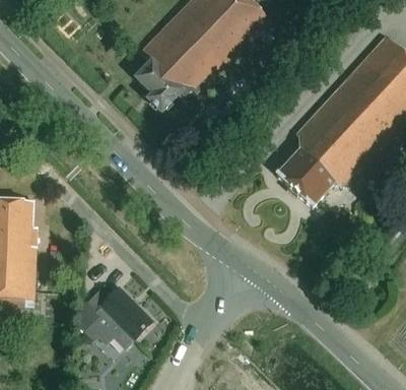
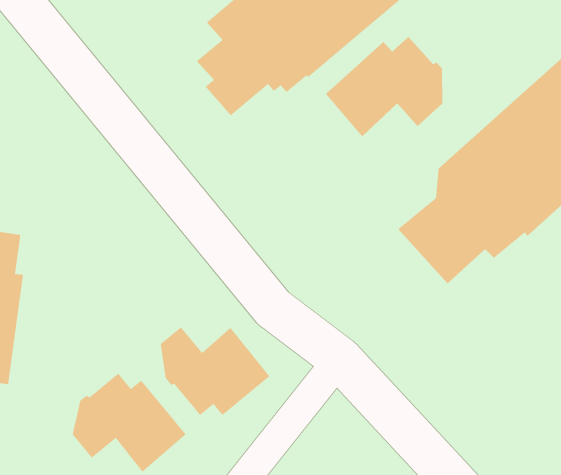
building: none -> [325,36,443,137]
building: none -> [160,326,270,416]

